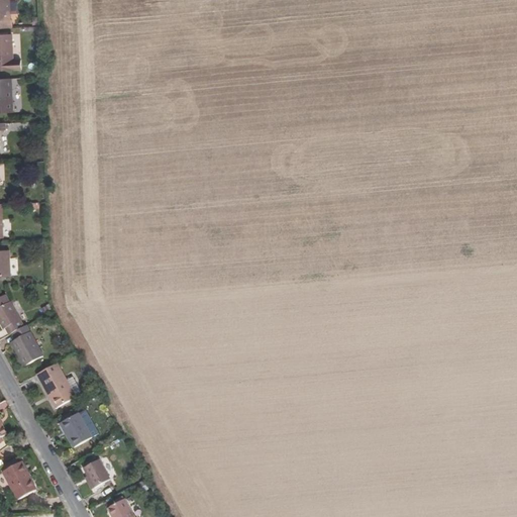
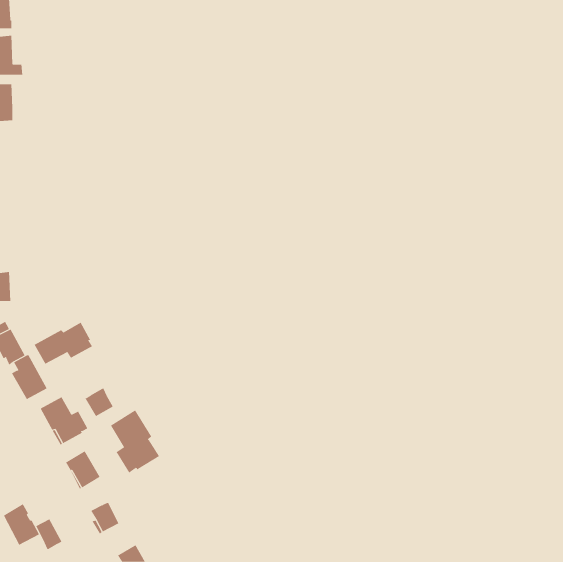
building: none -> [34,322,93,365]
building: none -> [84,388,113,417]
building: none -> [110,410,160,474]
building: none -> [35,519,63,550]

